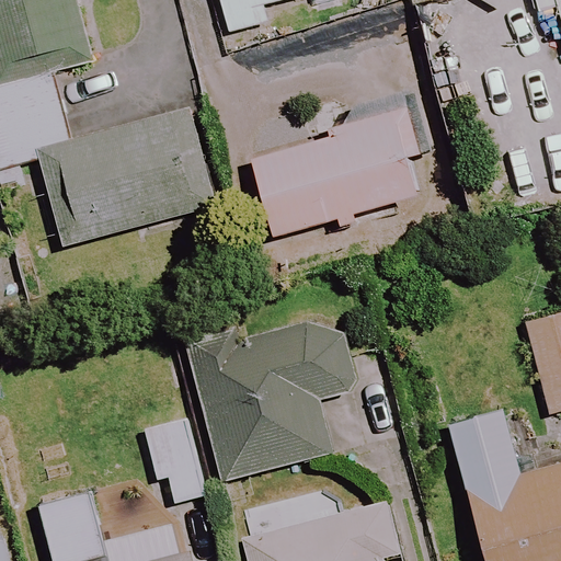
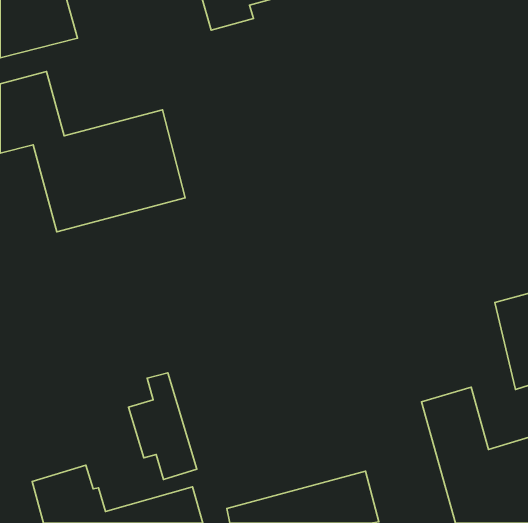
building: [250,110,419,240] -> none
building: [188,323,333,480] -> none

